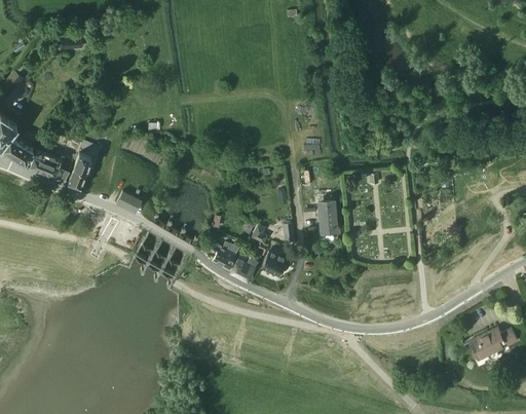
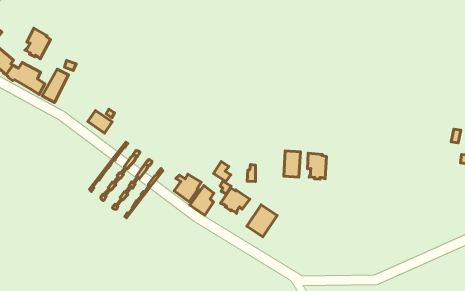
building: none -> [25,28,50,59]
building: none -> [308,153,326,179]
building: none -> [247,205,277,237]

